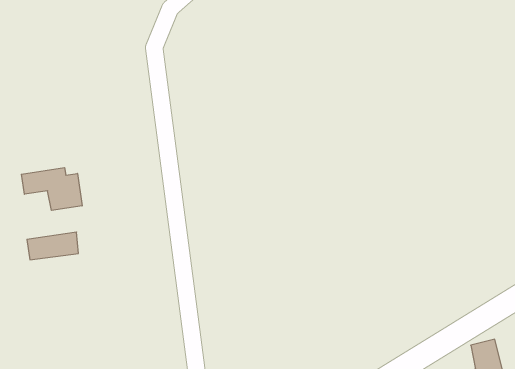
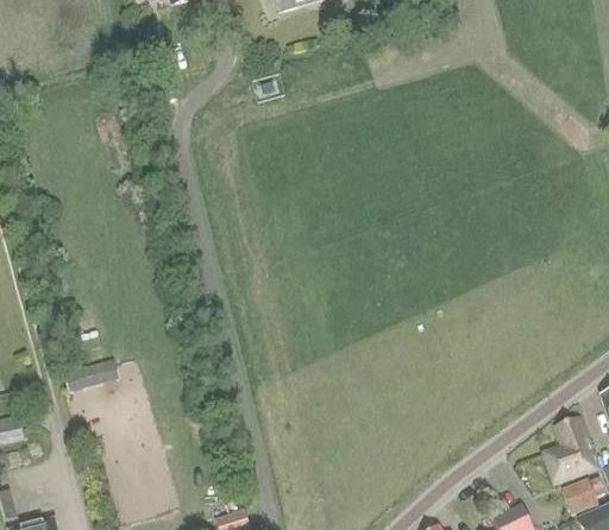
building: [21,168,82,210] -> none

